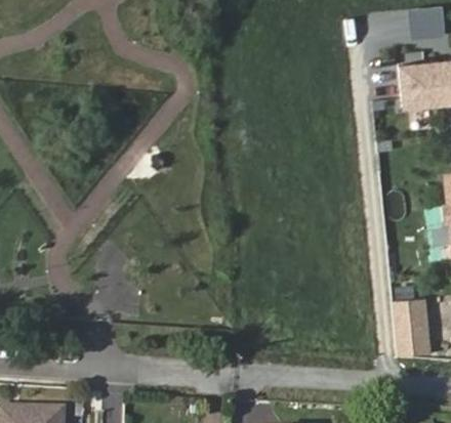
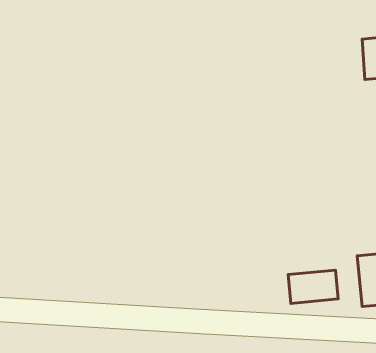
building: none -> [288,270,338,303]

